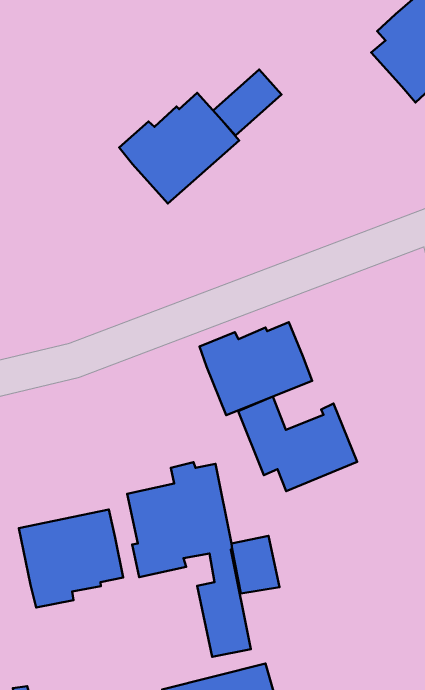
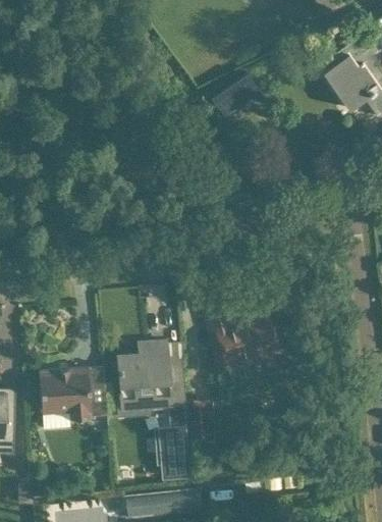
building: [119,93,239,204] -> none
building: [199,322,312,415] -> none

